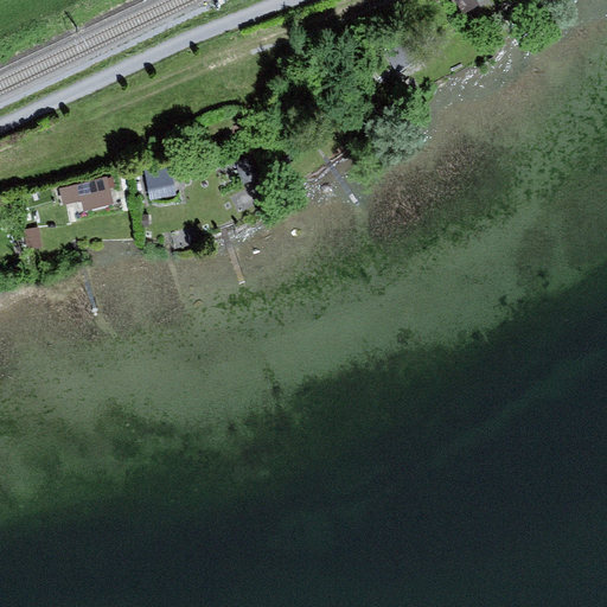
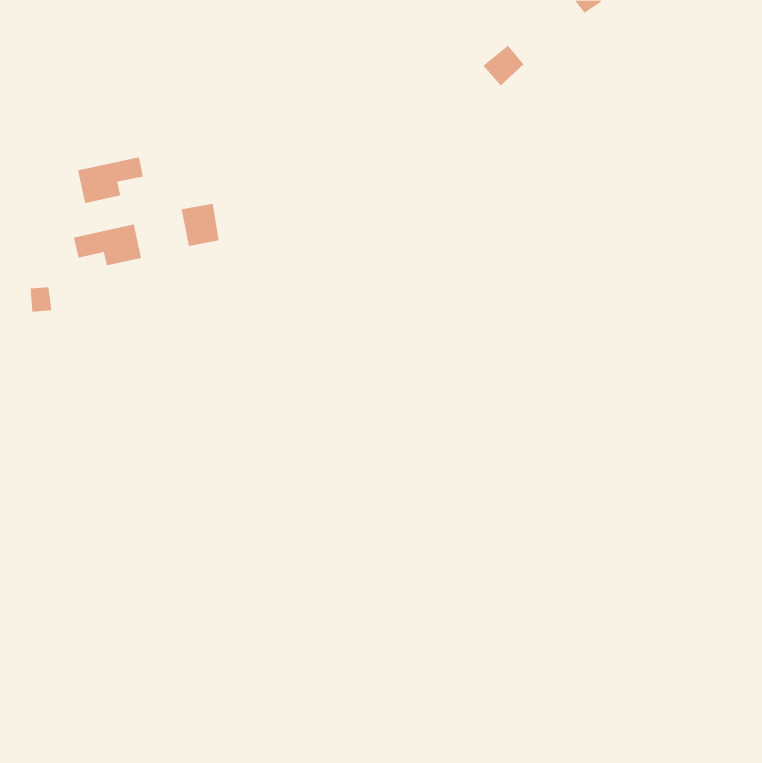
building: none -> [78,156,144,204]

